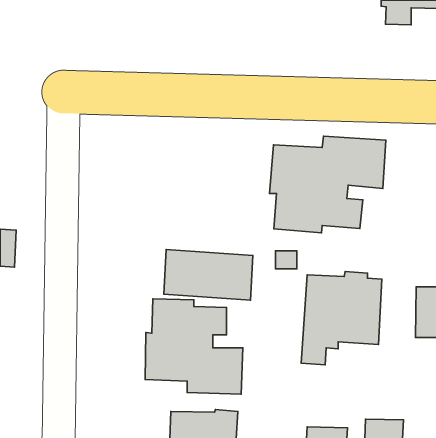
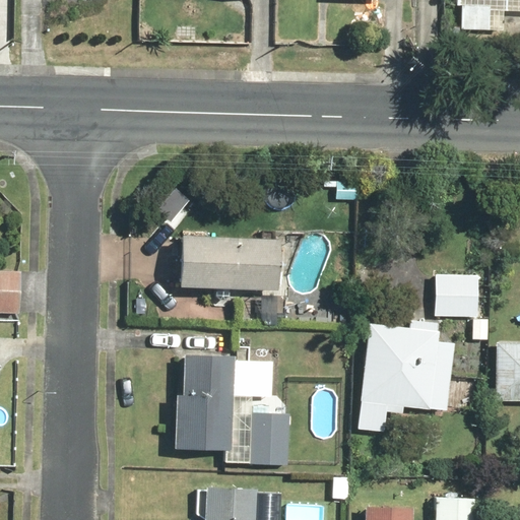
building: [269,136,386,233] -> none
building: none -> [435,273,480,317]
building: [164,249,253,300] -> [177,234,282,294]

